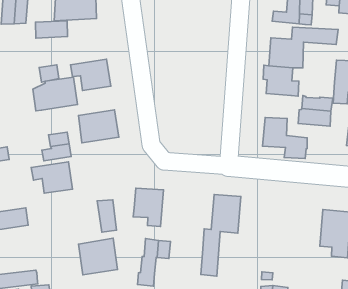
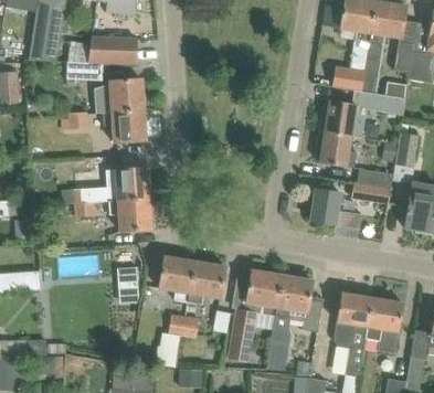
building: [33,77,78,111] -> [95,78,144,113]
building: [31,162,73,193] -> [108,198,152,231]
building: none -> [189,261,225,304]
building: none -> [268,275,313,352]
building: none -> [334,293,372,380]
building: [79,238,118,275] -> none

